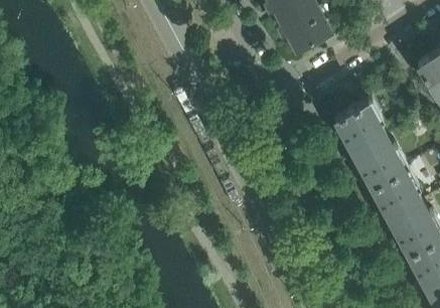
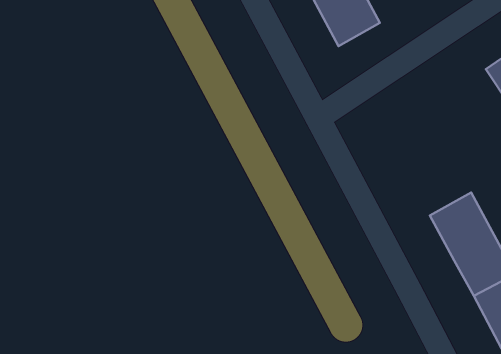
building: [334,105,406,191] -> none

